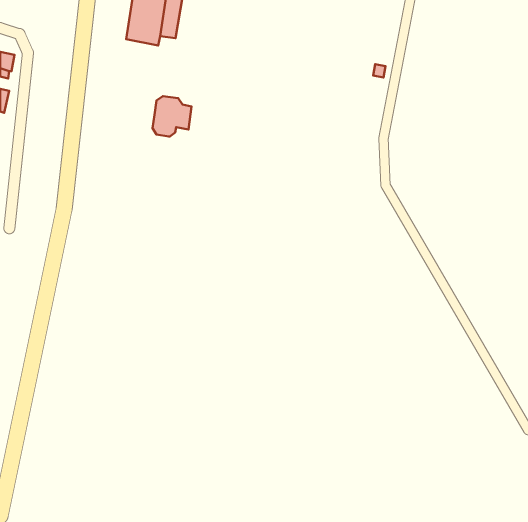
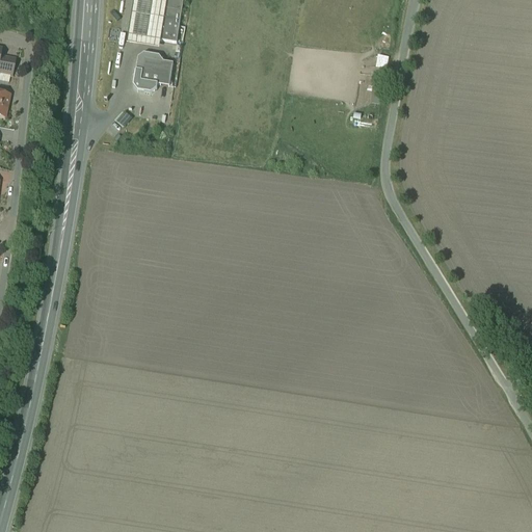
building: [152,96,192,137] -> [134,49,174,89]

